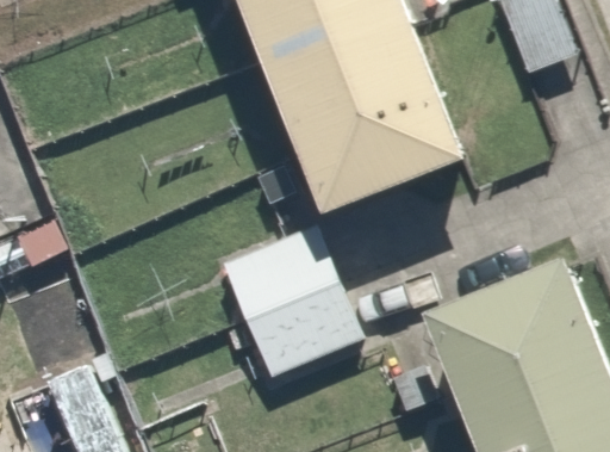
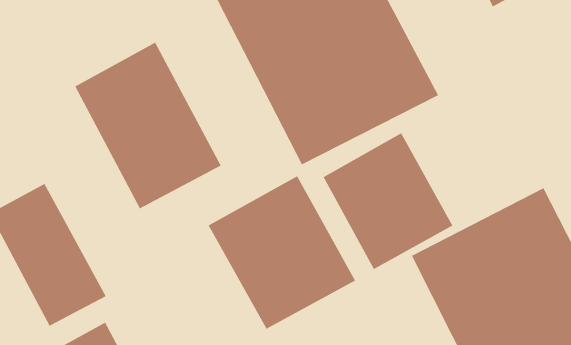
building: none -> [74,42,222,209]
building: none -> [322,132,454,270]

